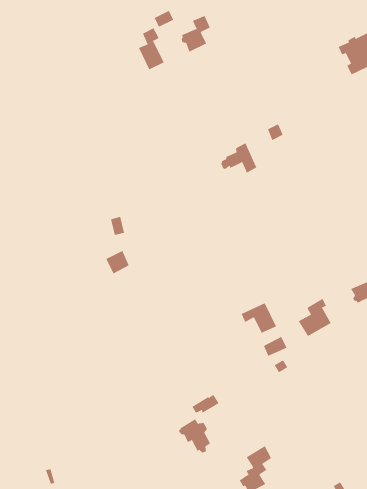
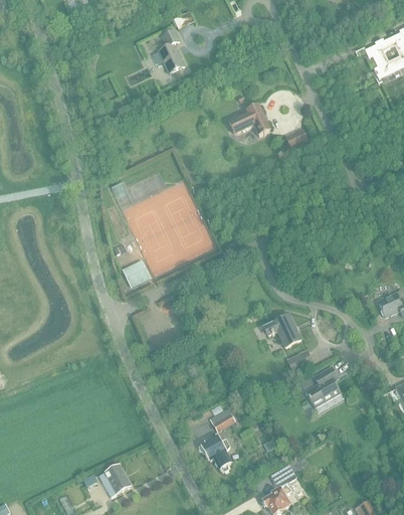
building: [181,15,211,53] -> none
building: [221,142,257,173] -> [231,104,269,136]
building: [298,298,332,337] -> [305,366,340,406]
building: none -> [98,465,131,494]

